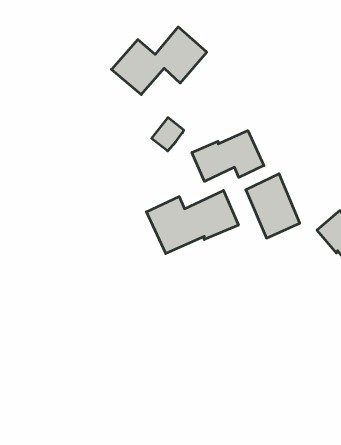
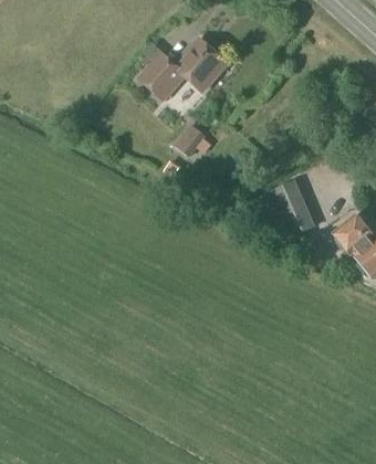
building: [192,131,264,181] -> none
building: [146,190,238,254] -> none

